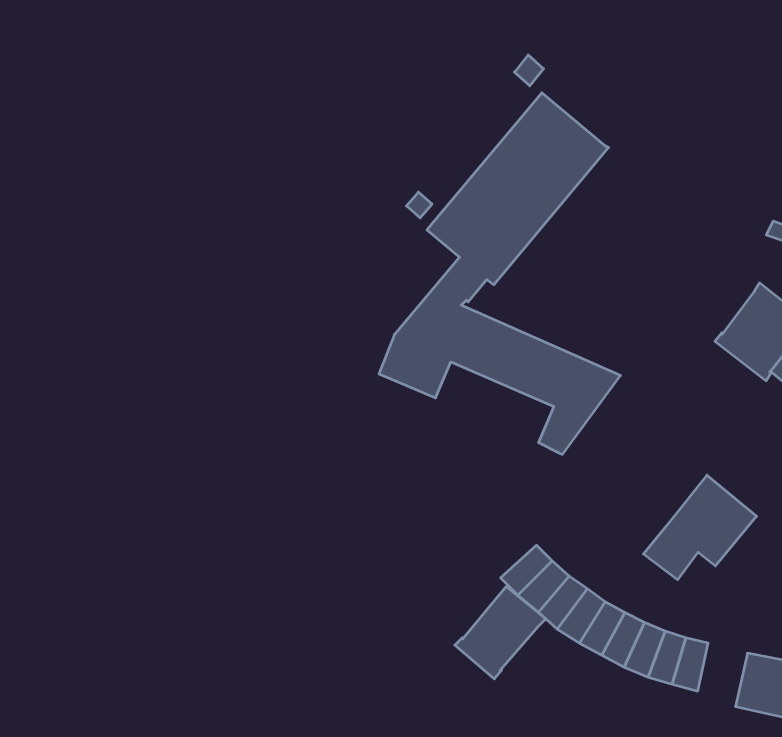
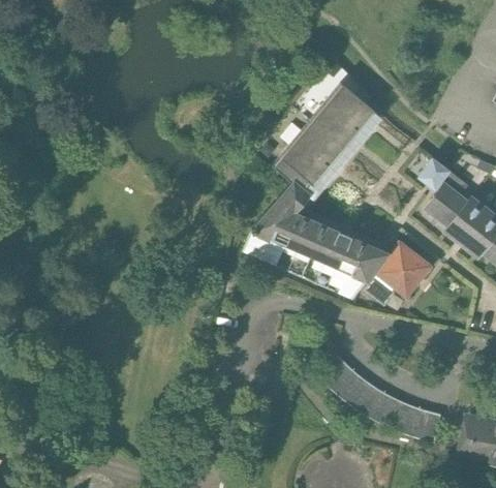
building: none -> [421,159,470,228]
building: [643,475,757,580] -> [364,242,432,305]
building: [455,587,546,679] -> none

